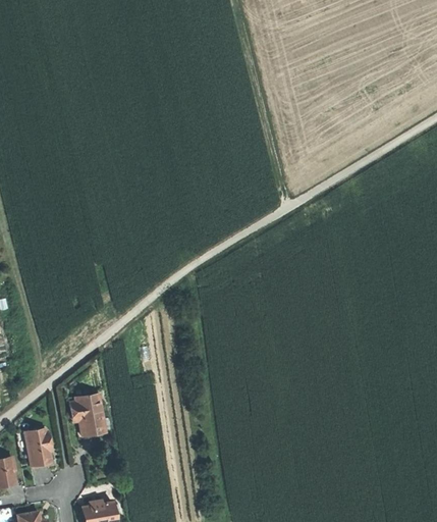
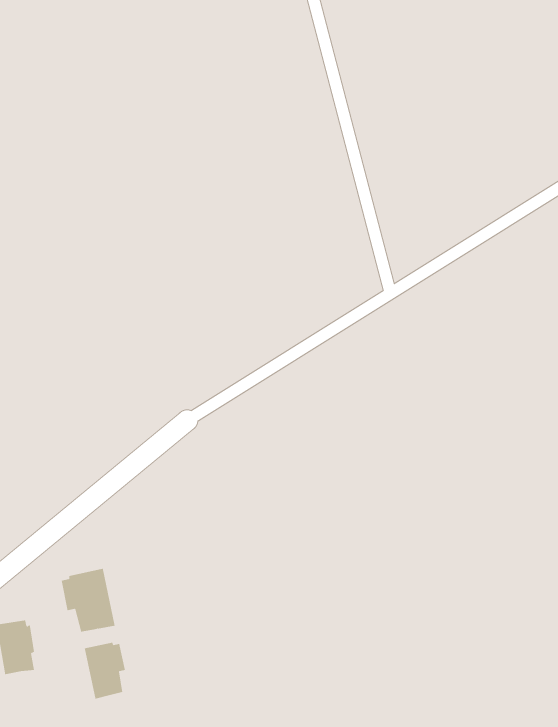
building: none -> [84,642,126,700]

